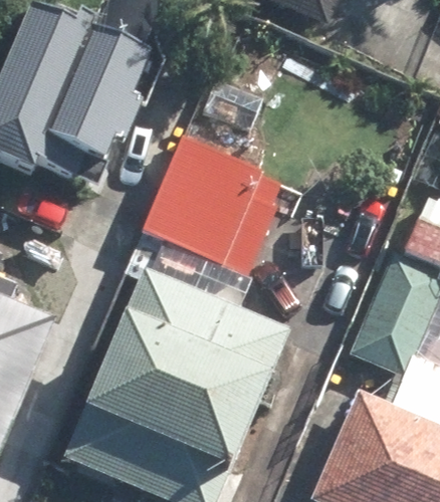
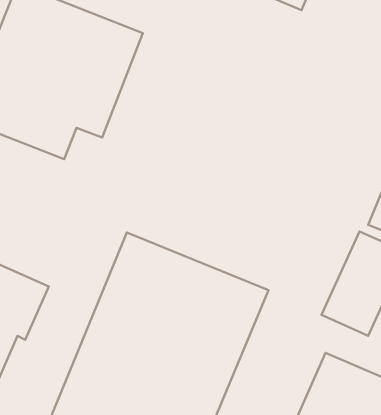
building: [146,135,289,272] -> none

